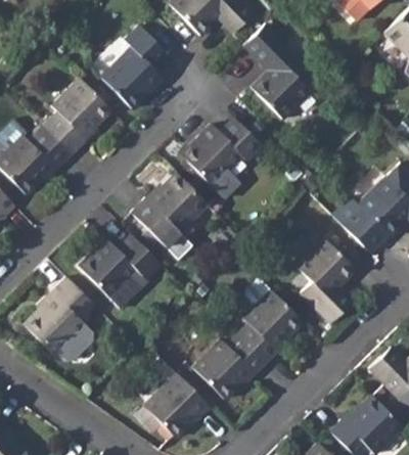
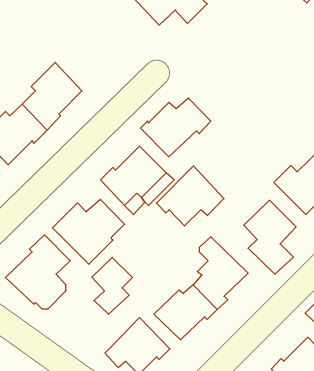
building: [101,22,170,107] -> none
building: [242,24,307,118] -> none
building: none -> [156,166,224,226]
building: none -> [92,257,132,314]

